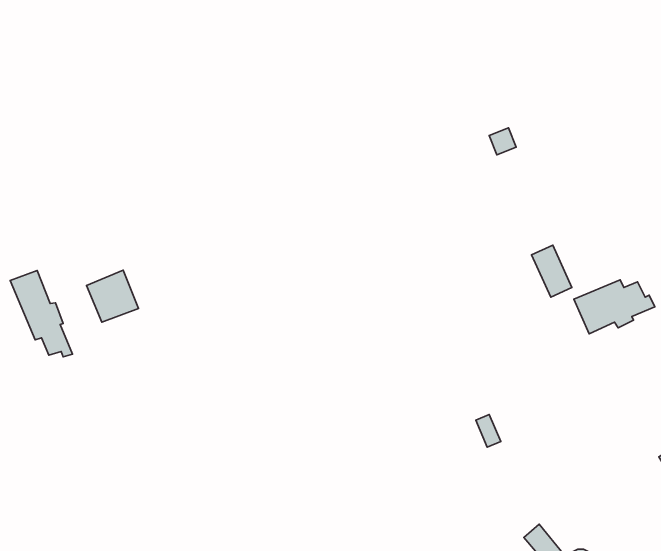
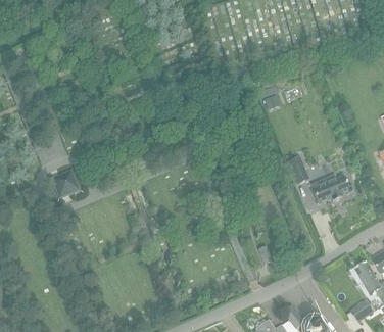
building: [10,271,72,357] -> none

